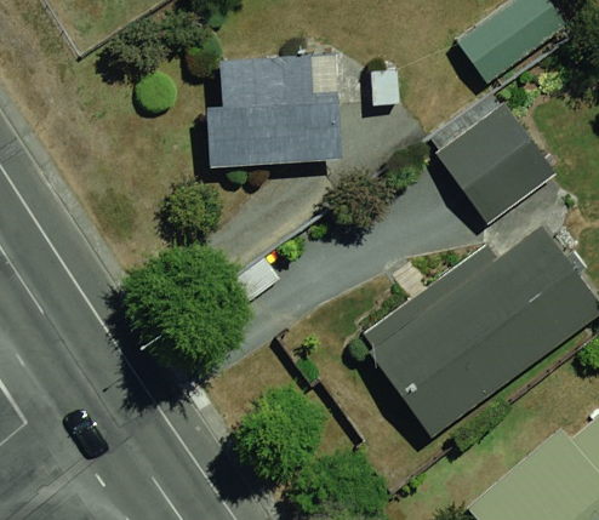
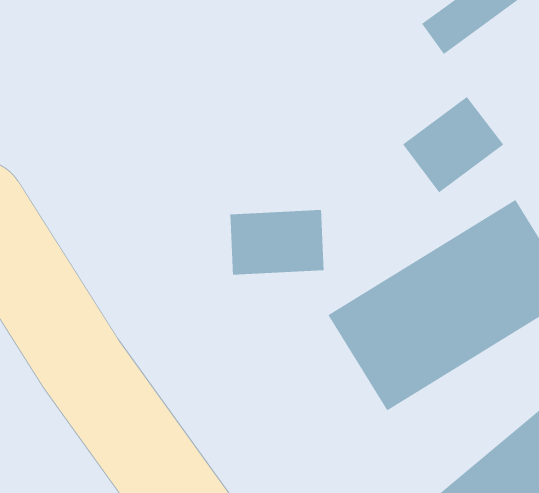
building: [196,53,352,170] -> none
building: none -> [230,209,324,275]

